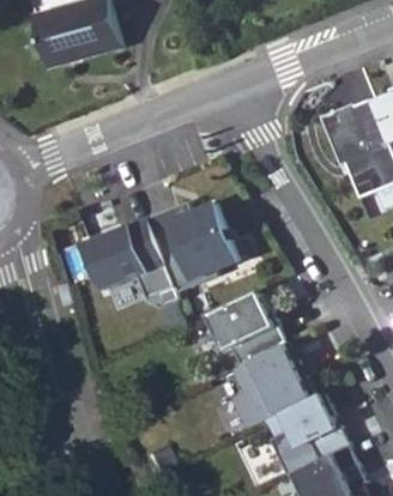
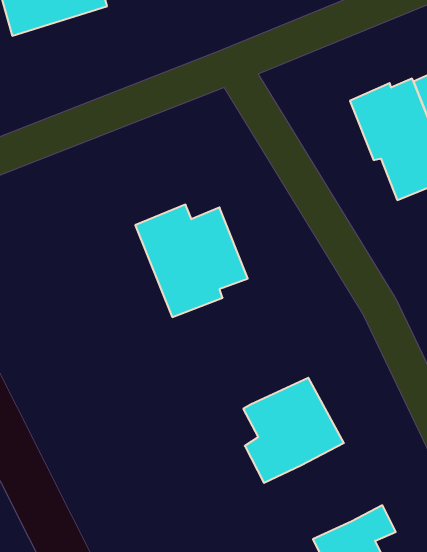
building: [80,219,176,307] -> none
building: [204,290,284,364] -> none
building: [278,393,344,459] -> none

